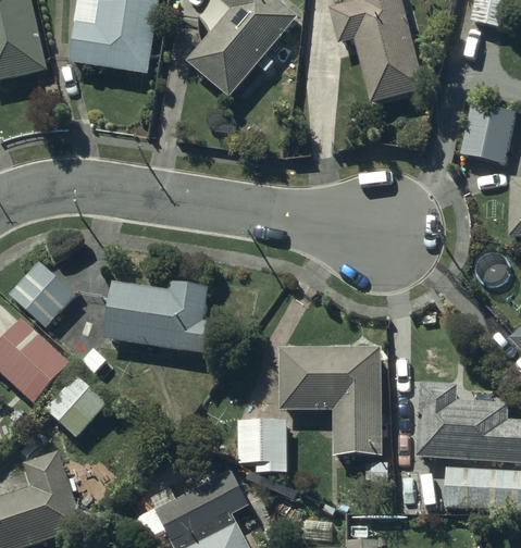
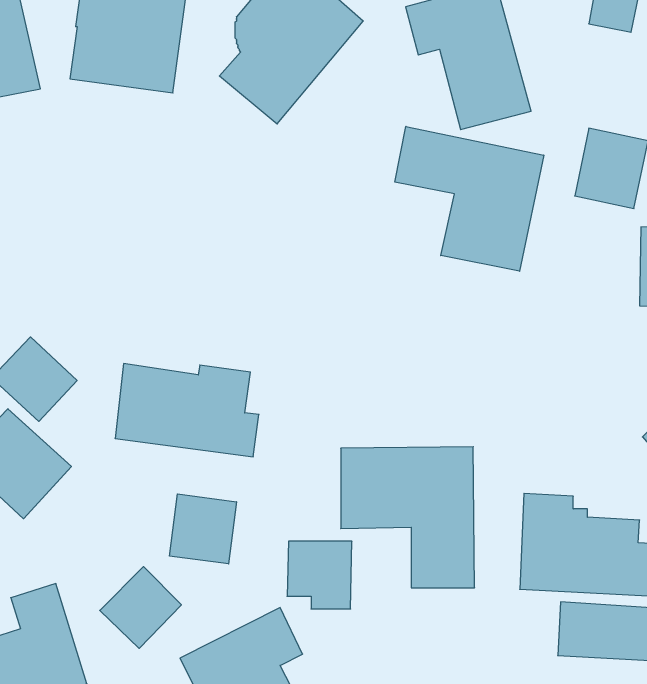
building: none -> [395,126,544,271]
building: [45,373,108,436] -> [100,567,181,648]
building: none -> [170,494,236,564]

